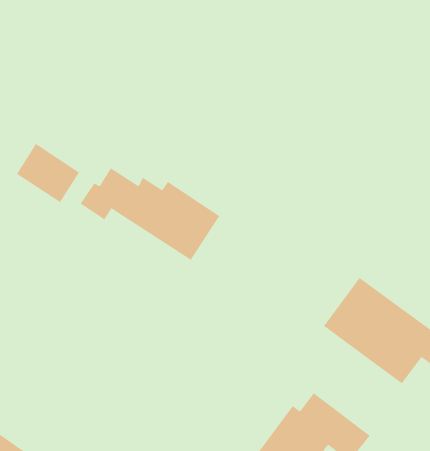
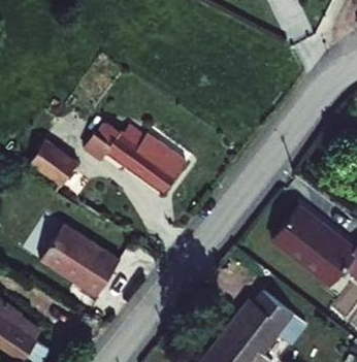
building: [16,143,80,203] -> [36,145,84,190]
building: none -> [50,224,129,297]

